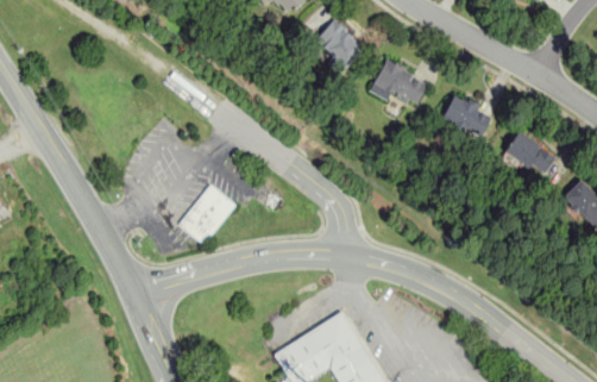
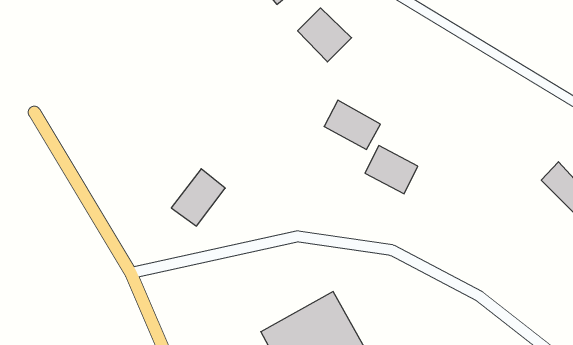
building: [371,56,429,107] -> [324,100,380,149]
building: [440,90,495,140] -> [365,146,418,194]
building: [504,129,557,176] -> none

